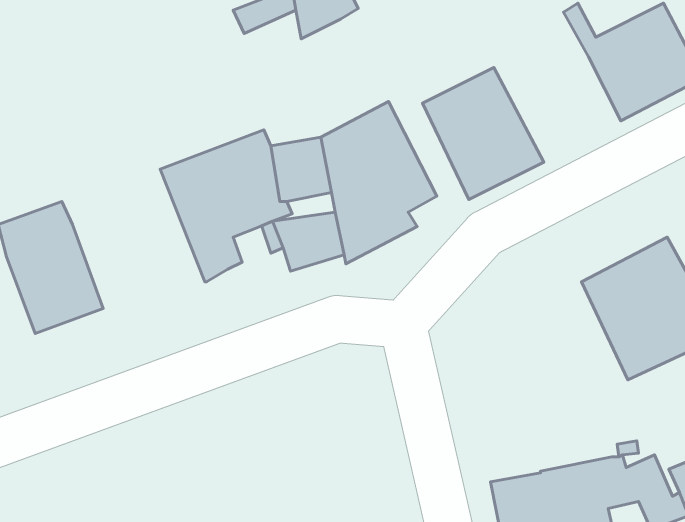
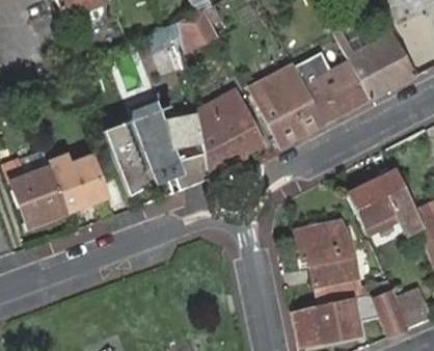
building: none -> [293,52,369,125]
building: none -> [50,155,108,210]
building: none -> [297,223,363,304]

